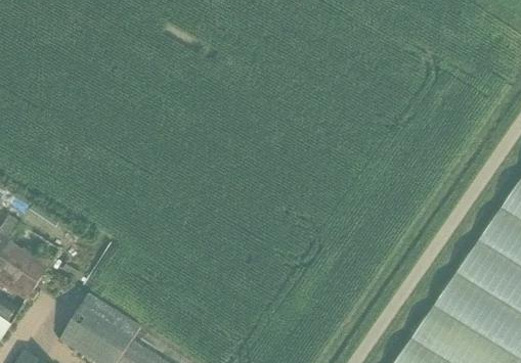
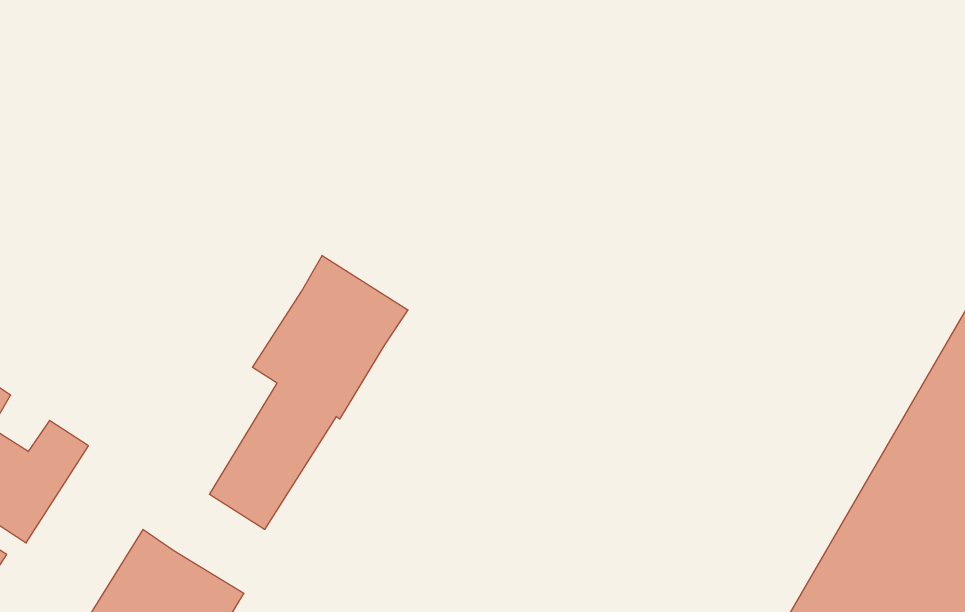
building: none -> [209,255,408,529]

